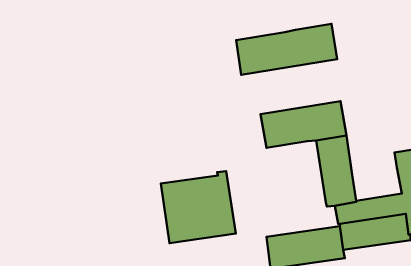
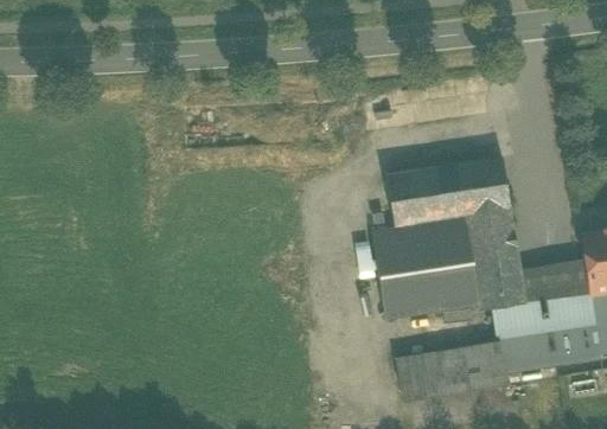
building: [236,24,337,75] -> none
building: none -> [519,256,592,305]
building: [161,171,236,243] -> [372,217,481,321]

